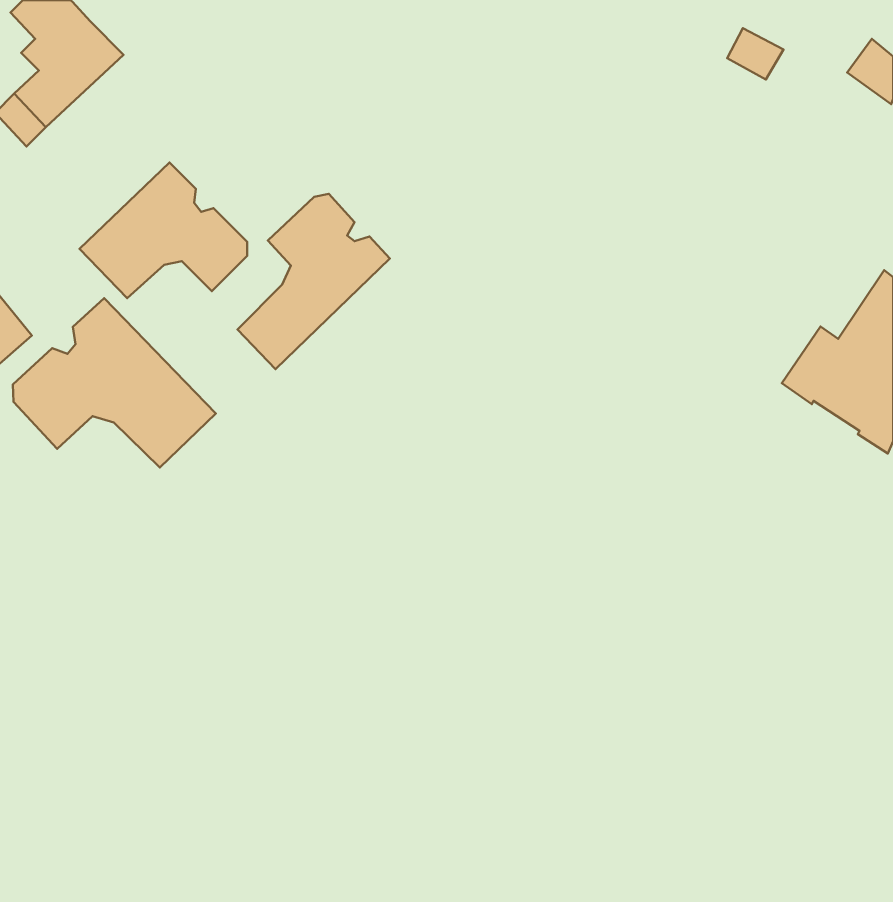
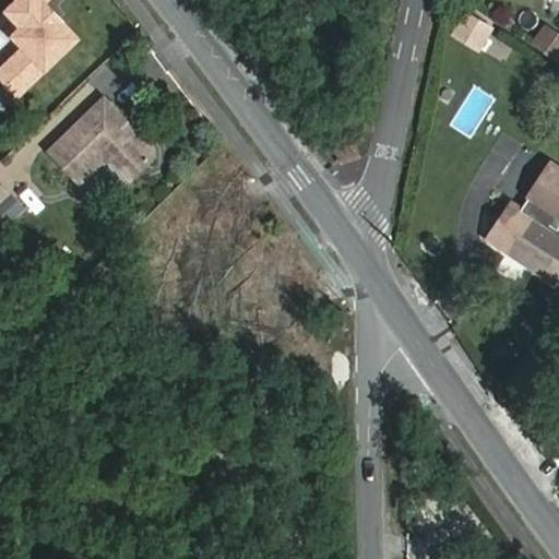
building: [237,194,390,369] -> none
building: [13,298,216,468] -> none

